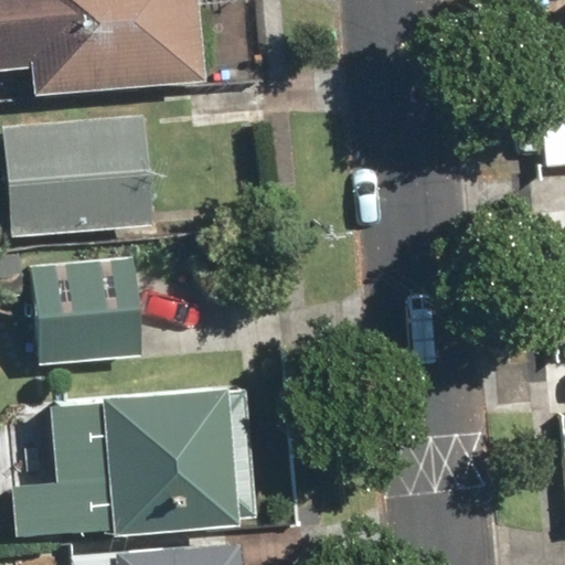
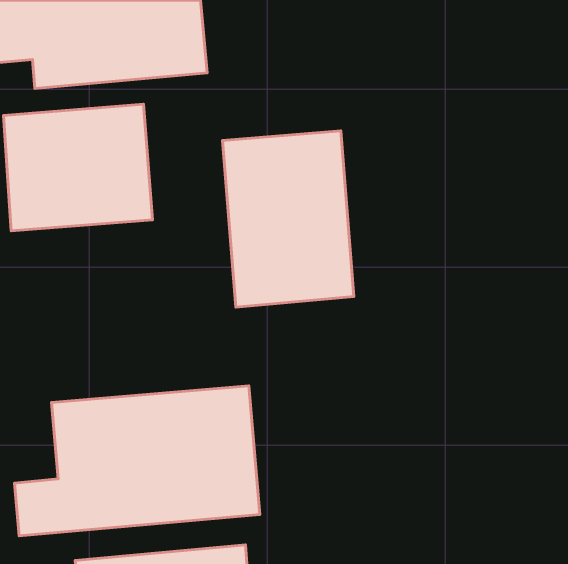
building: none -> [223,131,354,307]
building: [30,259,136,365] -> none

